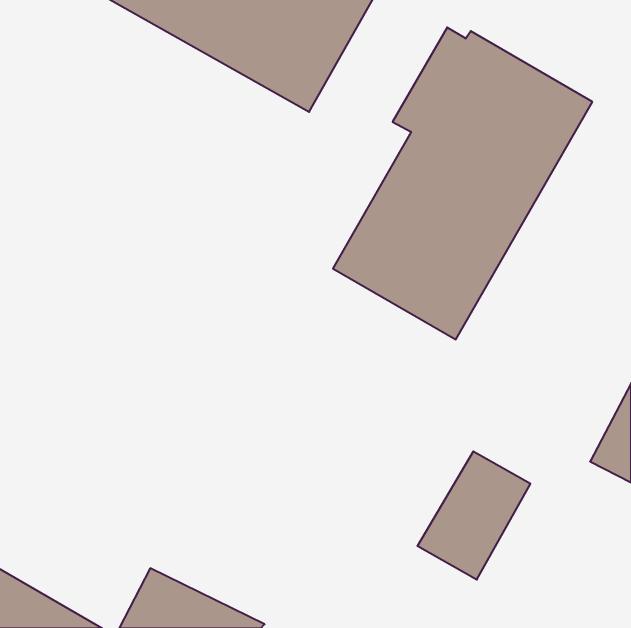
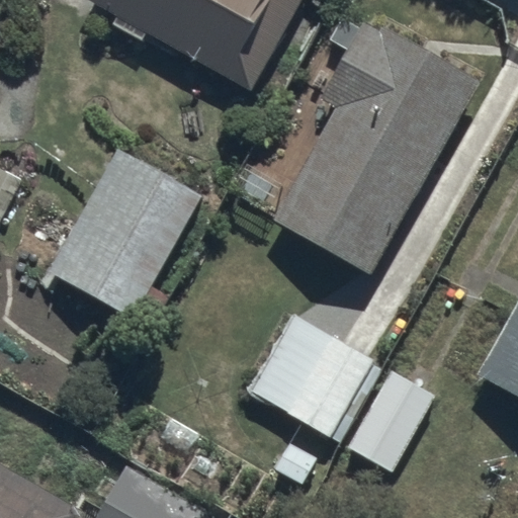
building: none -> [48,149,201,322]
building: none -> [247,313,373,438]

